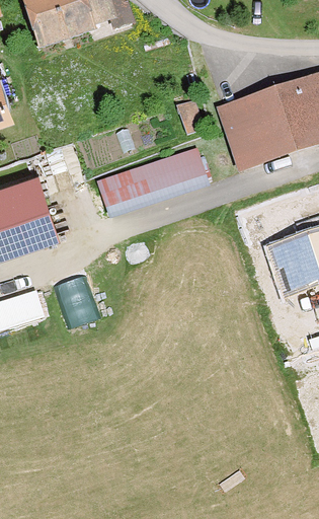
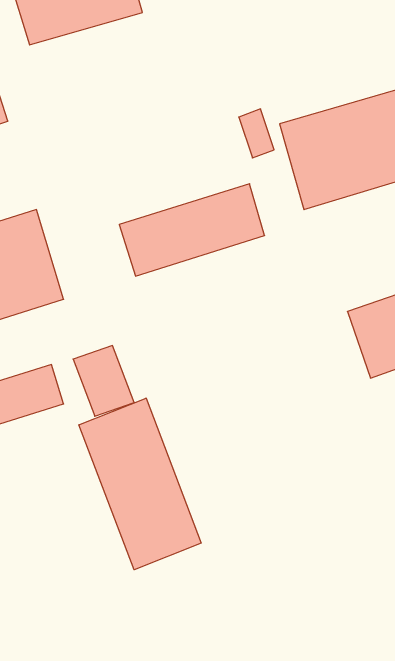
building: none -> [79,398,201,570]

